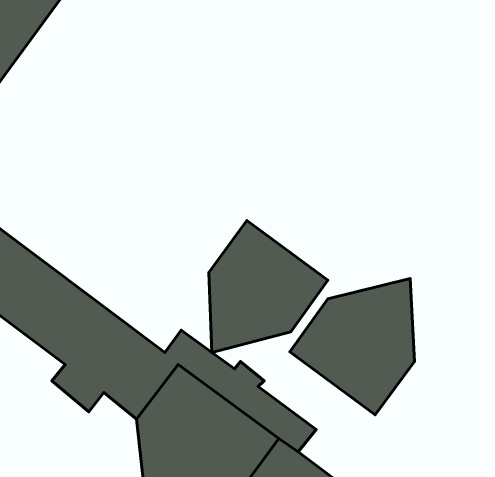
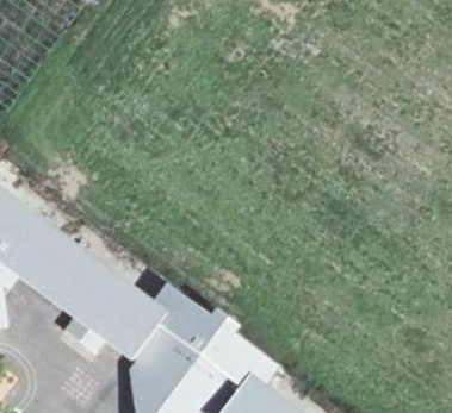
building: [209,220,328,353] -> none
building: [290,278,415,415] -> none

